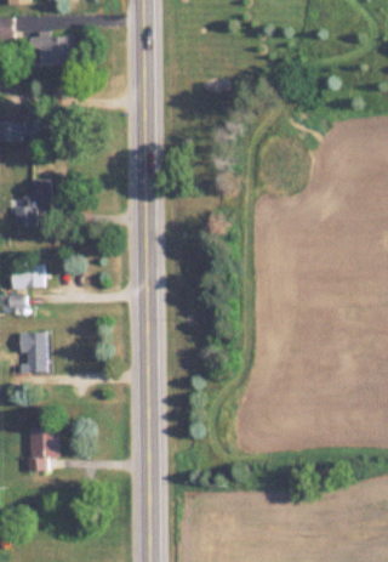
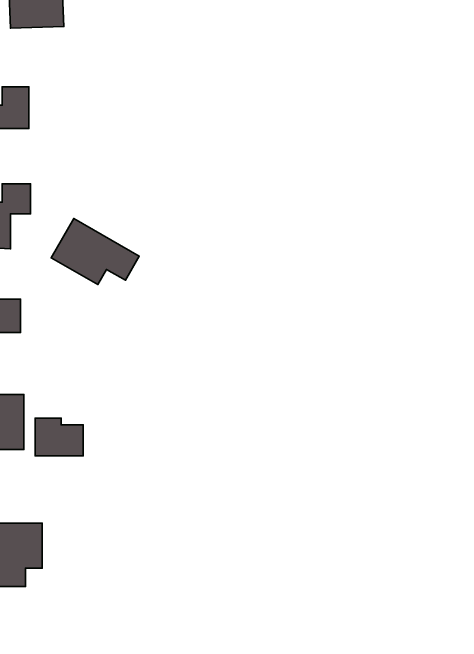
building: none -> [51,219,139,285]
building: none -> [35,418,83,456]

